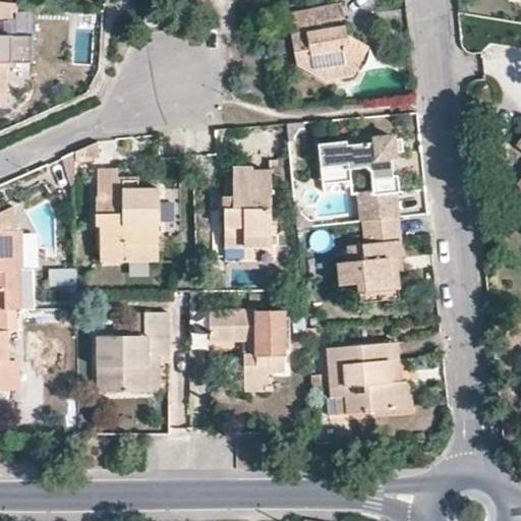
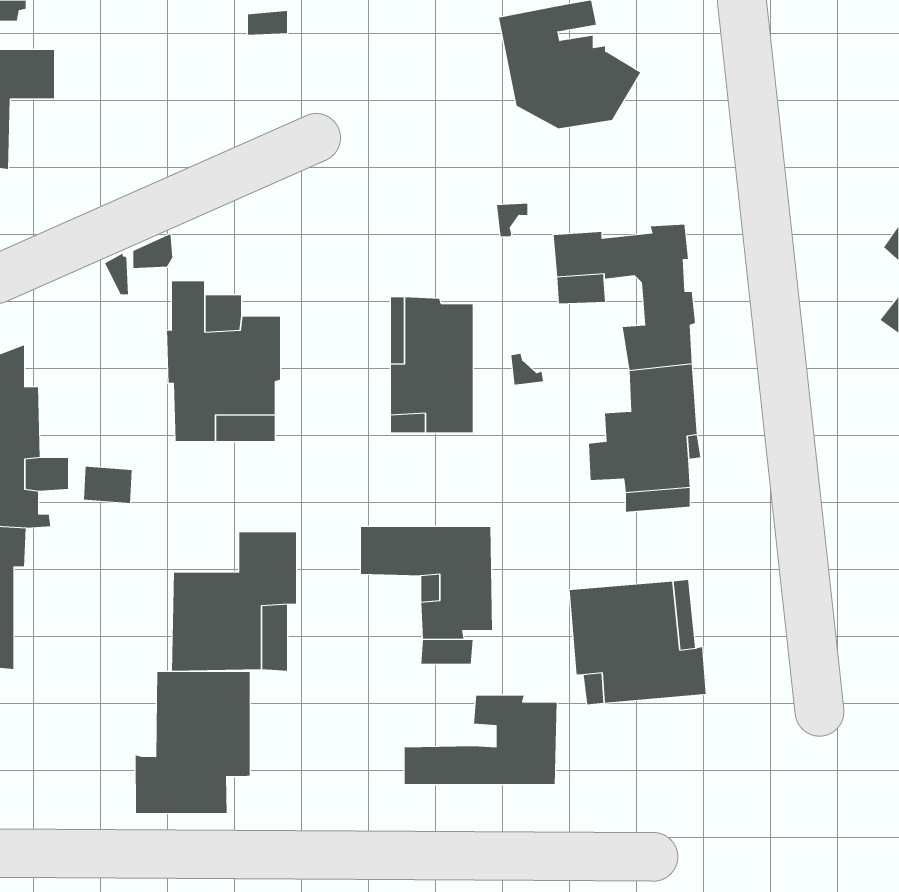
building: none -> [135,671,250,814]
building: none -> [404,695,557,785]

